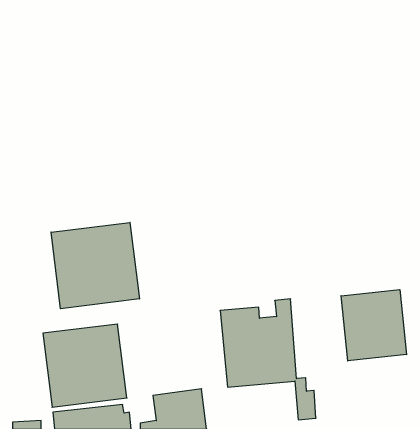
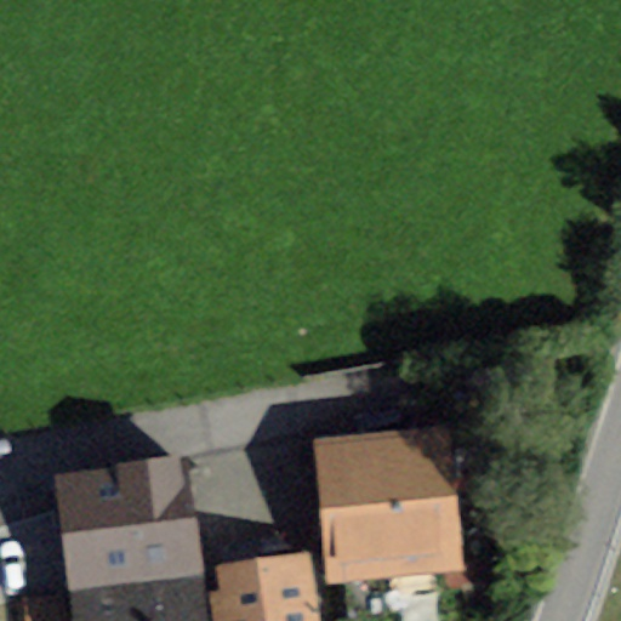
building: [51,222,139,309] -> none
building: [341,290,407,361] -> none

